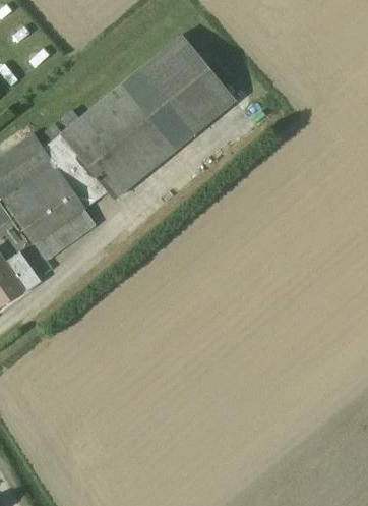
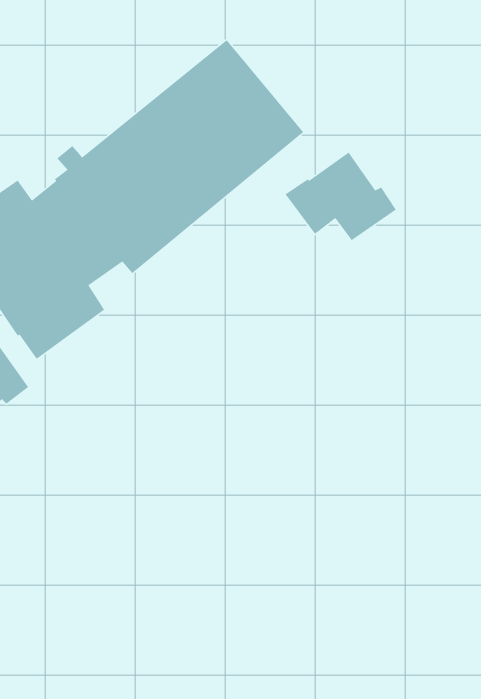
building: none -> [284,152,397,241]

